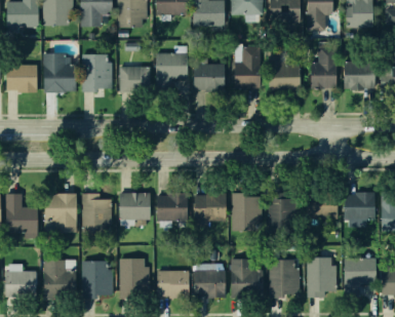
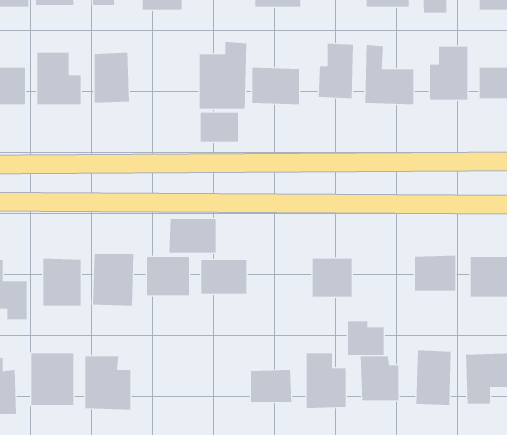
building: [122,69,149,89] -> [200,112,239,142]
building: [195,195,228,219] -> [168,219,217,253]
building: [270,196,295,220] -> [347,321,385,355]
building: [118,260,144,300] -> none
building: [154,273,189,299] -> none

